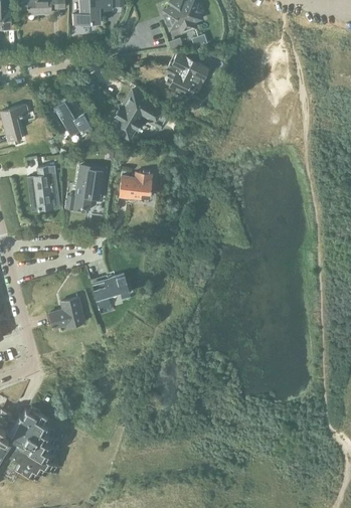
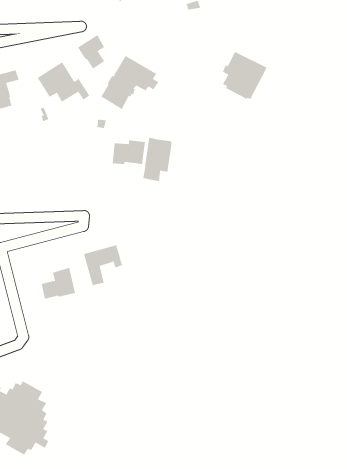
building: [166,50,210,98] -> [222,51,267,100]
building: none -> [77,34,105,69]
building: [28,165,60,208] -> none
building: [73,166,103,209] -> [142,137,172,181]

